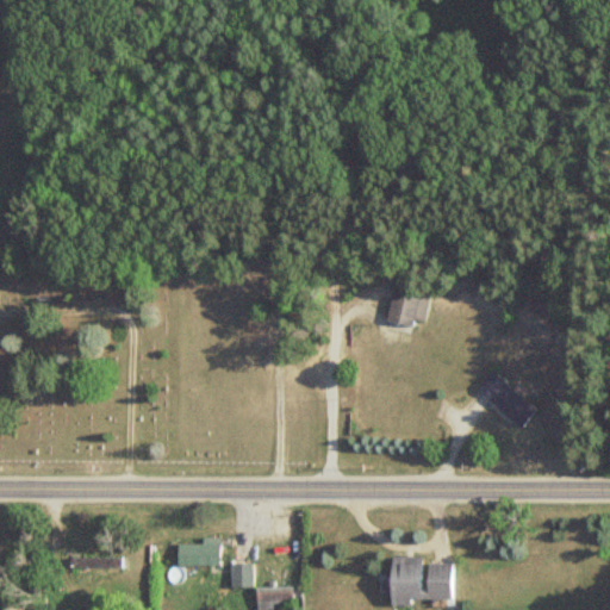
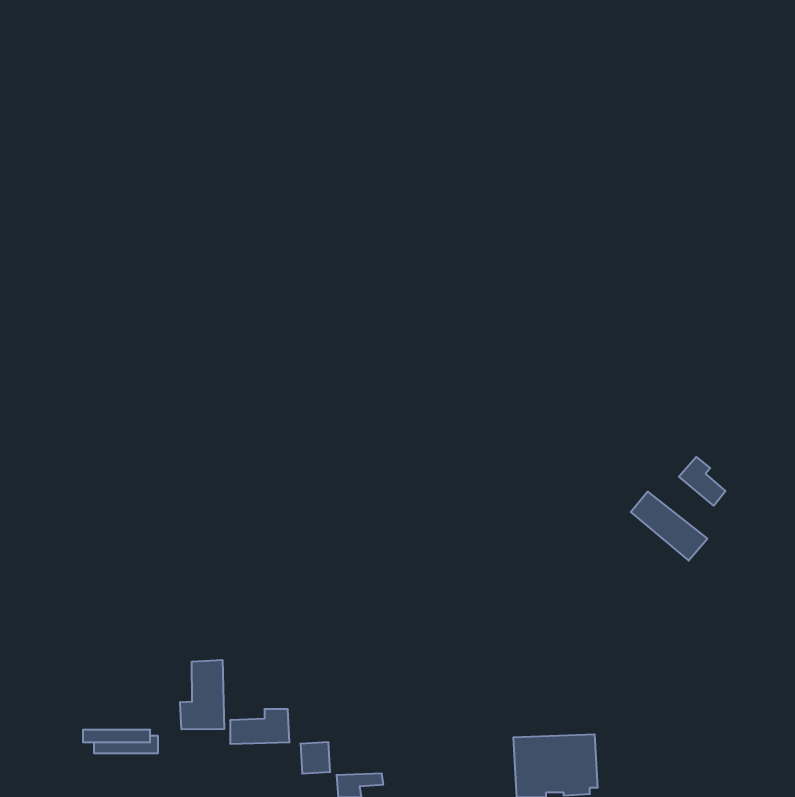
building: [384,290,425,329] -> none
building: none -> [679,457,725,506]
building: none -> [180,660,224,729]

